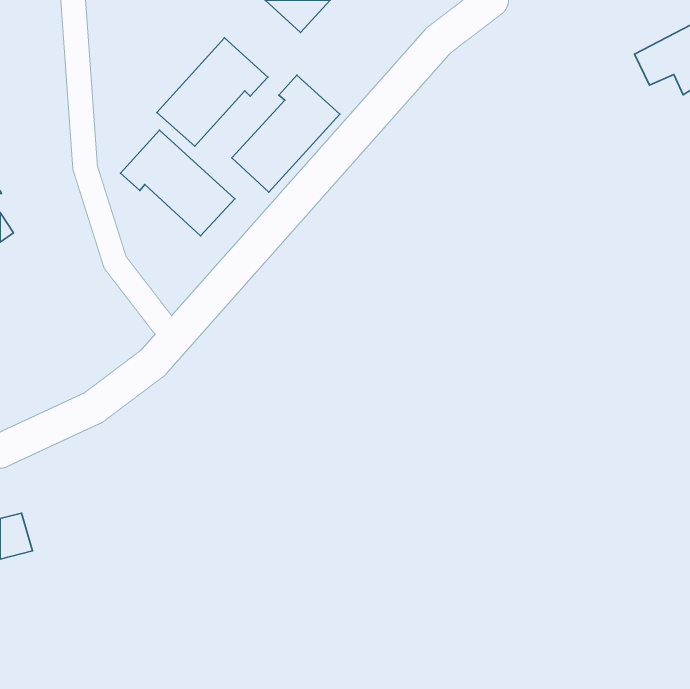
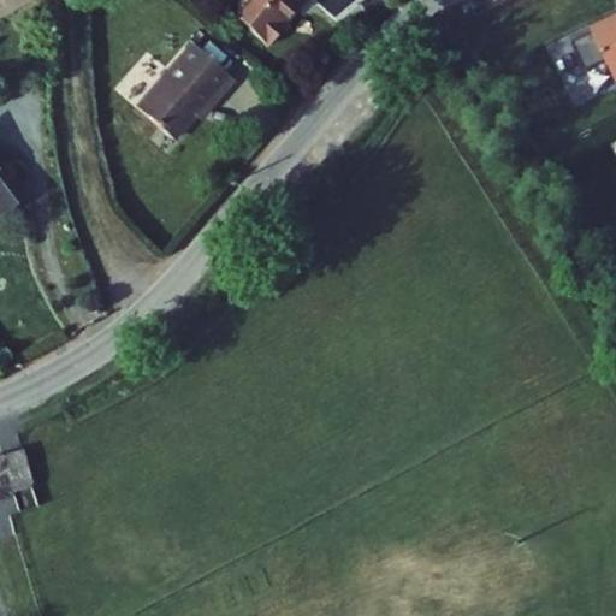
building: [232,75,340,192] -> none
building: [120,130,235,236] -> none

